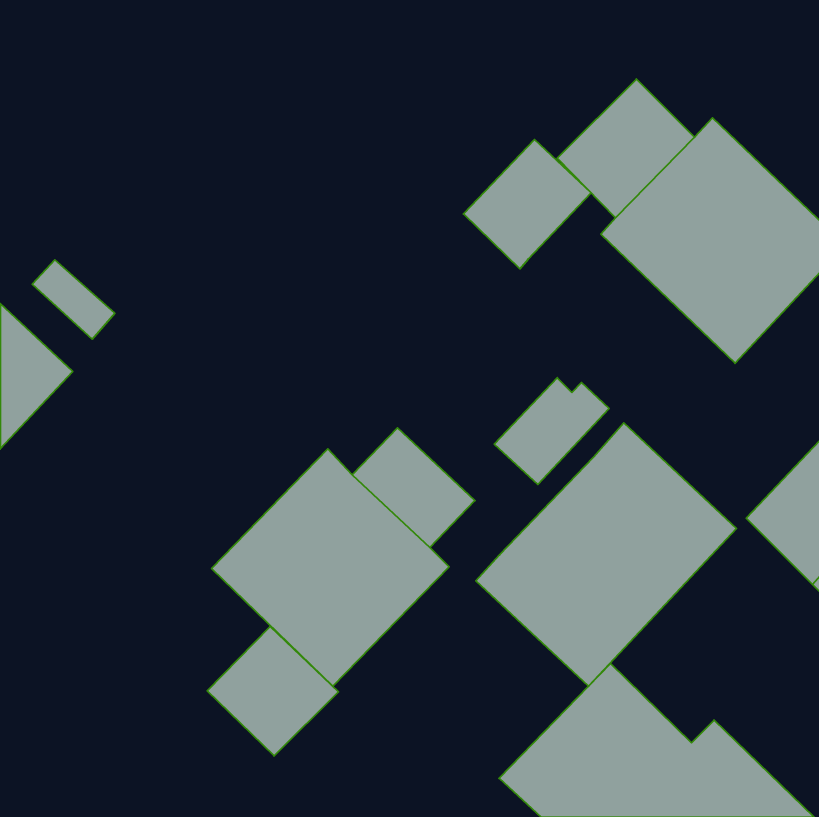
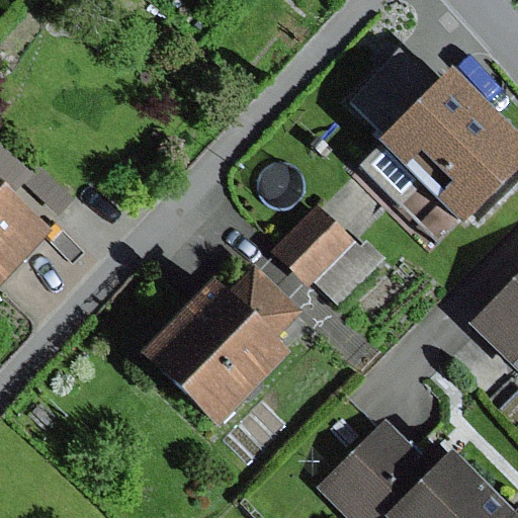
building: [463,140,591,269] -> [273,203,353,284]
building: [476,423,736,686] -> none
building: [207,626,338,756] -> none

